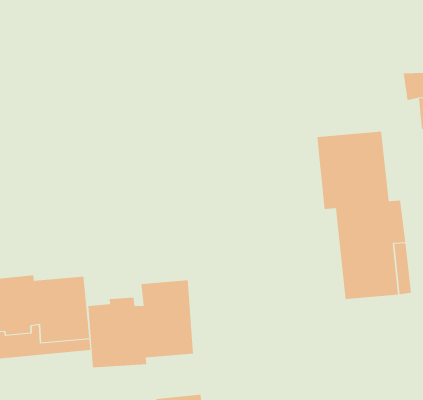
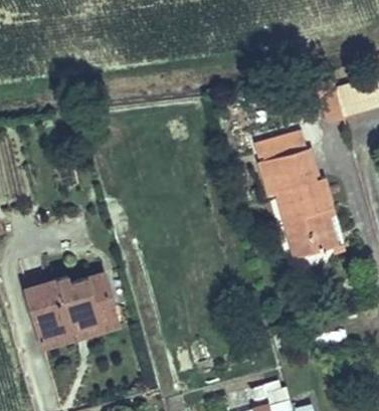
building: [88,280,194,368] -> none

